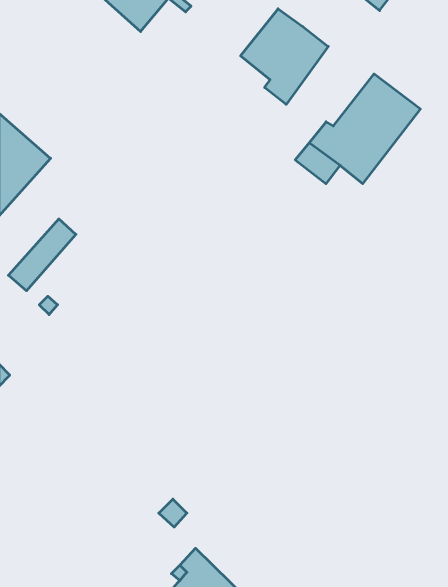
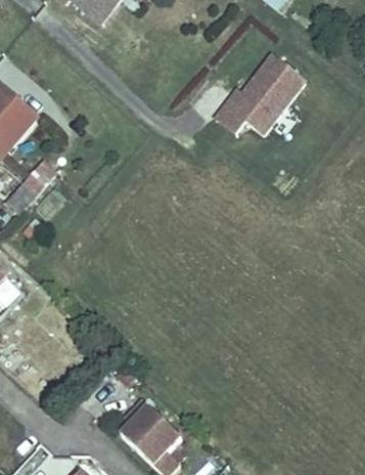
building: [241,9,328,104] -> none

